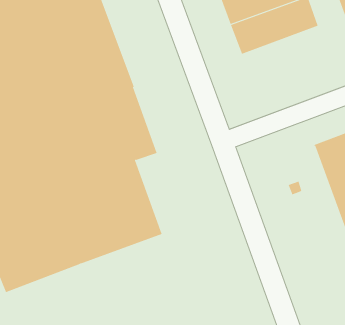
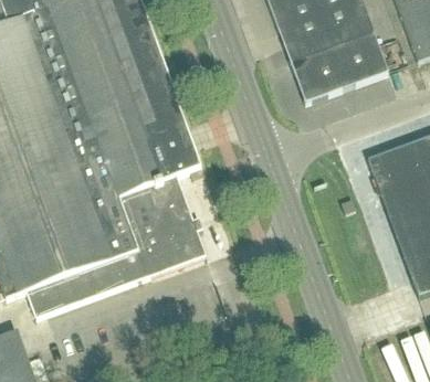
building: none -> [291,30,389,100]

